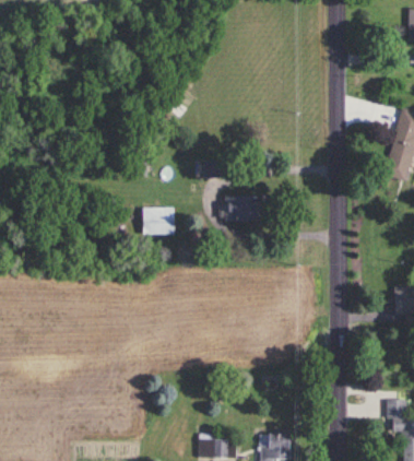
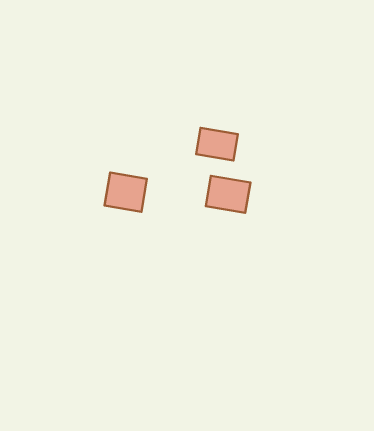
building: none -> [196,128,238,160]

